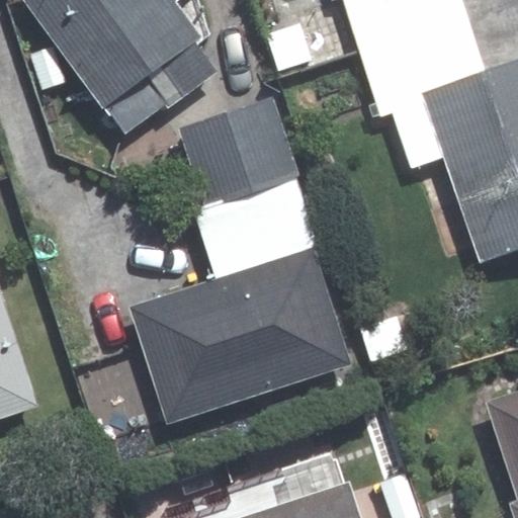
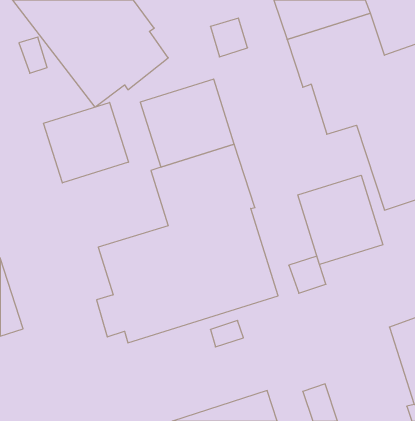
building: none -> [44,102,128,183]
building: none -> [298,175,383,264]

